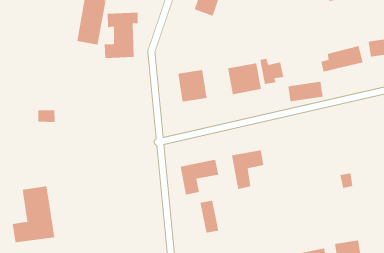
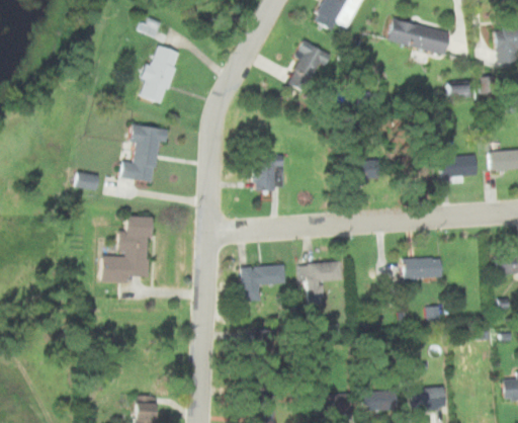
building: [104,12,139,59] -> [118,124,168,182]
building: [227,62,262,95] -> none
building: [287,81,324,102] -> [402,259,443,278]
building: [12,186,55,243] -> [100,217,150,280]
building: [200,200,219,234] -> none

